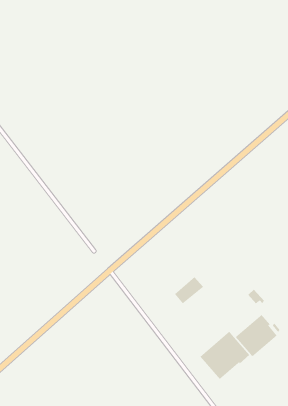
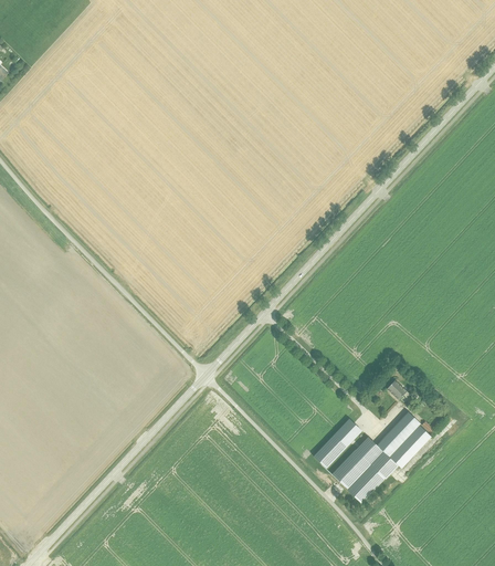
building: [174,276,204,304] -> [313,430,350,468]

